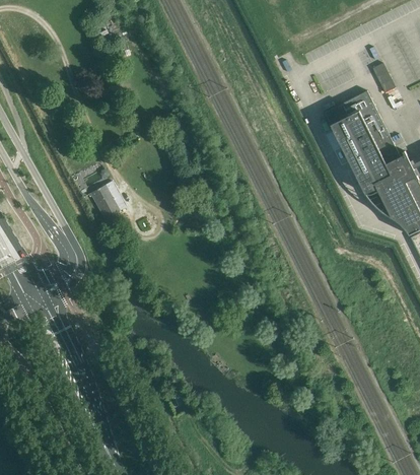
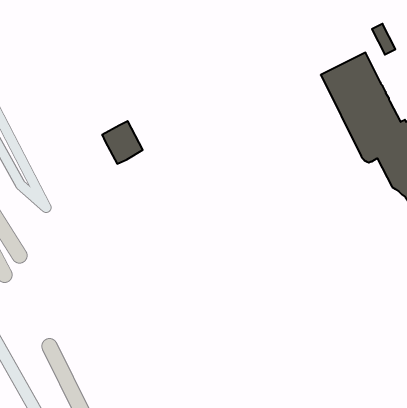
building: [89,182,128,222] -> [102,121,143,164]

